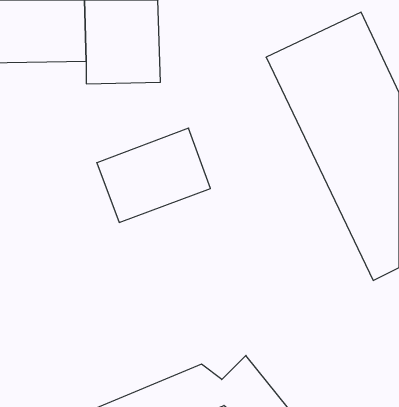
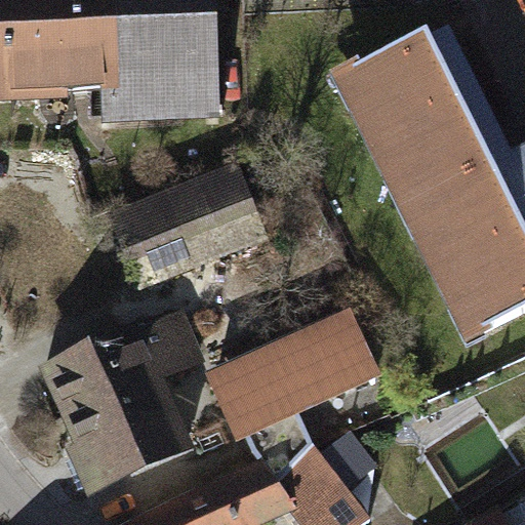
building: none -> [210,311,379,442]
building: none -> [34,312,197,490]

